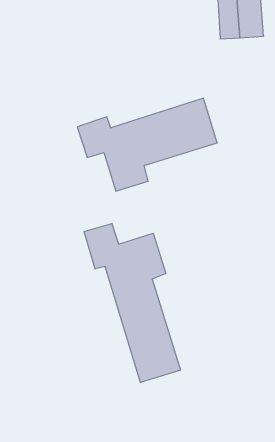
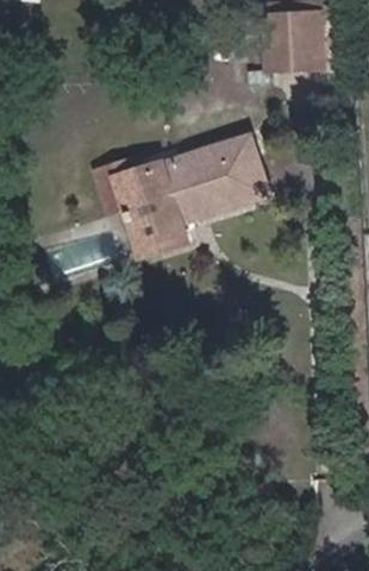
building: [84,223,181,383] -> none

